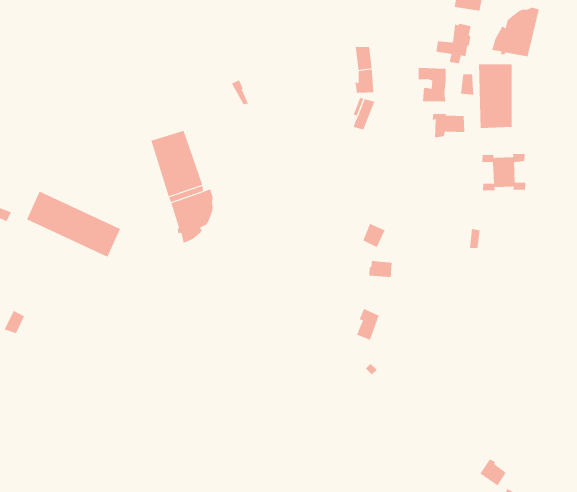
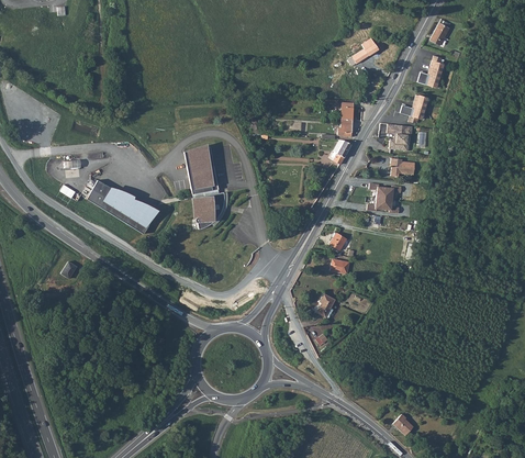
building: [492,7,539,57] -> none
building: [479,64,512,129] -> none
building: [481,154,526,191] -> [367,182,402,212]

